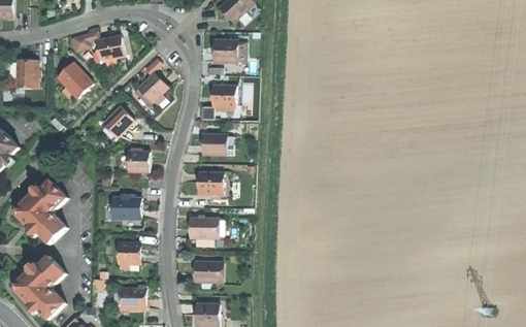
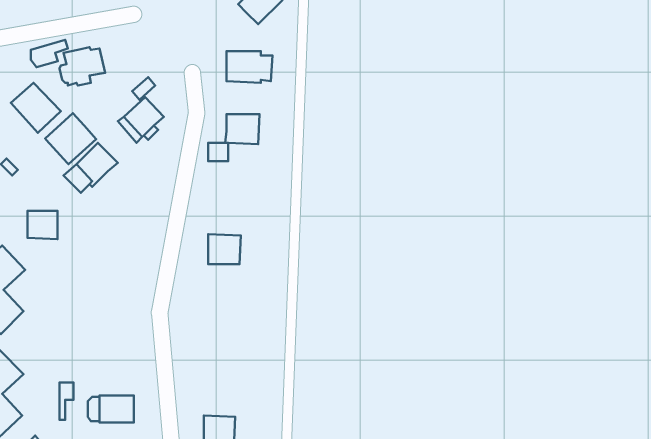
building: none -> [45,113,96,164]
building: [202,133,224,154] -> none
building: [127,151,149,171] -> [27,211,57,239]
building: [111,196,140,219] -> none
building: [190,217,224,237] -> none
building: [119,241,140,267] -> none
building: [194,261,220,282] -> none

